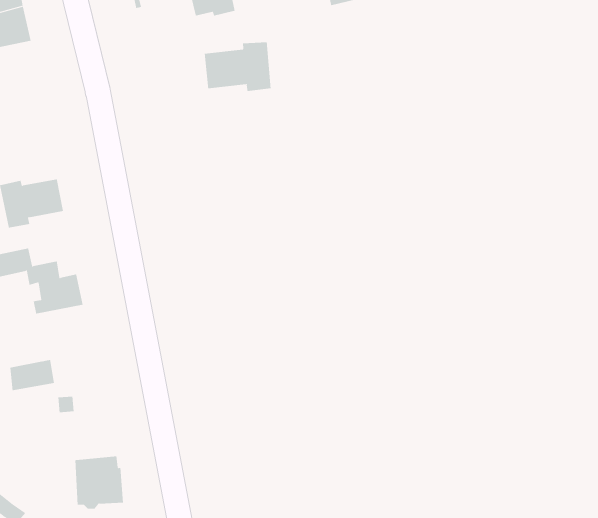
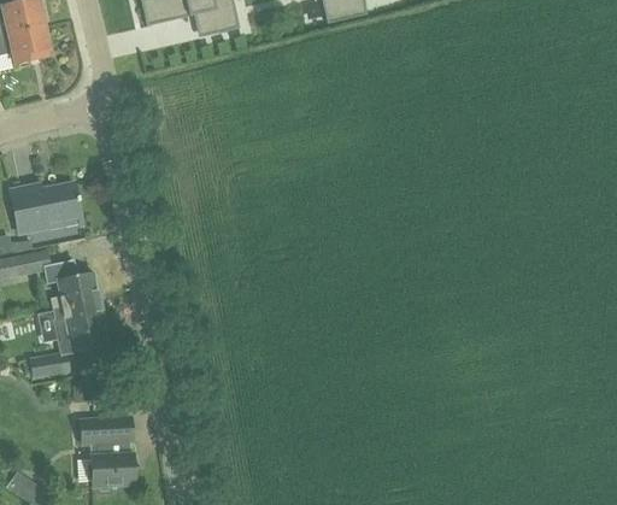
building: [204,41,271,92] -> none
building: none -> [53,300,106,352]
building: none -> [80,415,131,444]

